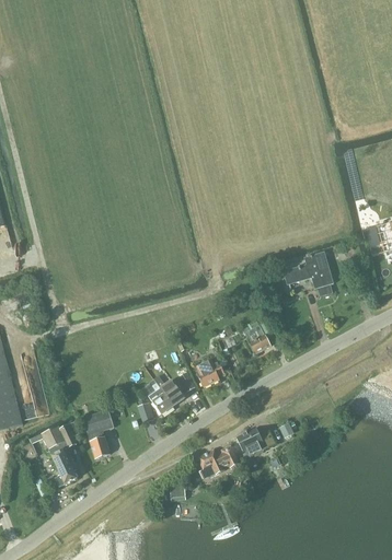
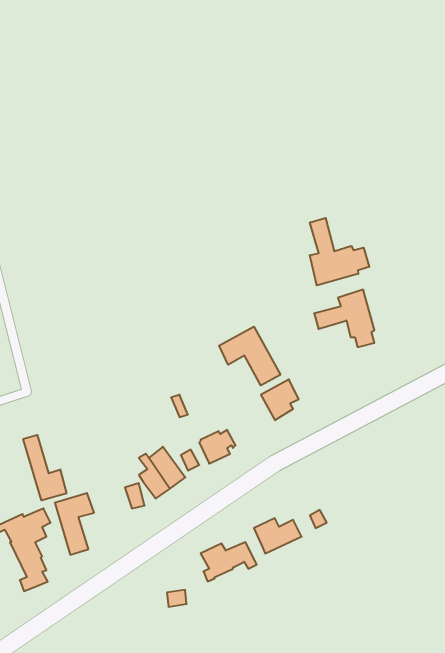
building: none -> [310,218,369,285]
building: none -> [219,327,280,385]
building: none -> [23,435,66,500]

